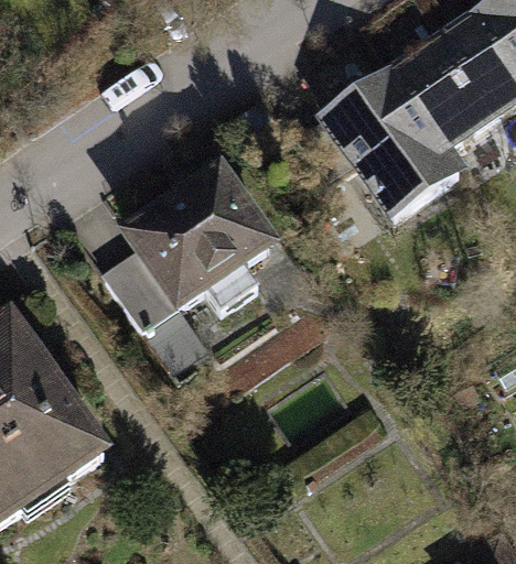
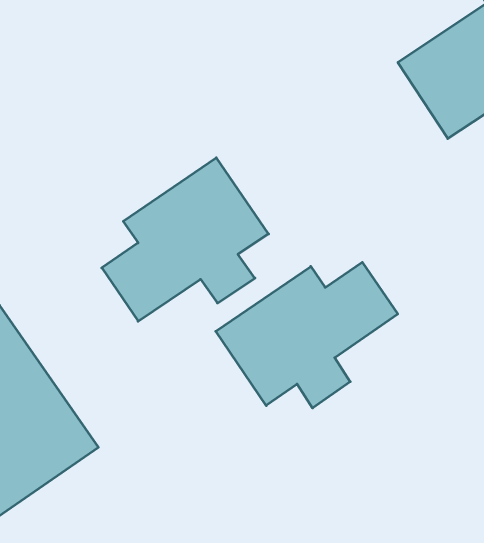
building: [325,64,463,214] -> none
building: none -> [216,262,398,408]

